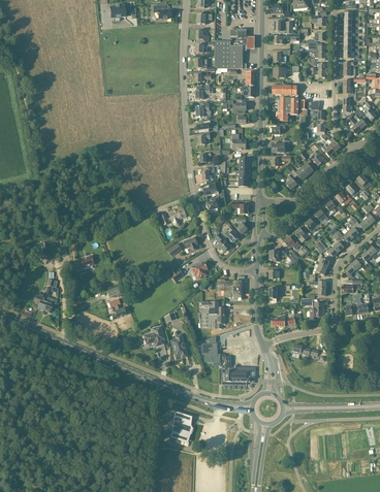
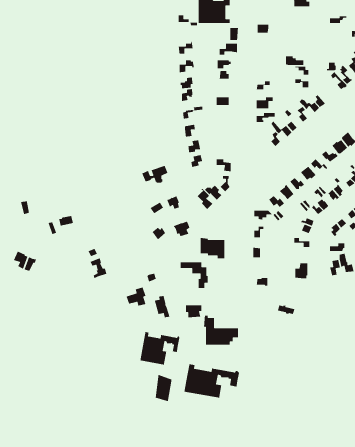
building: [273,80,298,121] -> none
building: none -> [139,331,181,365]
building: none -> [184,363,240,399]

